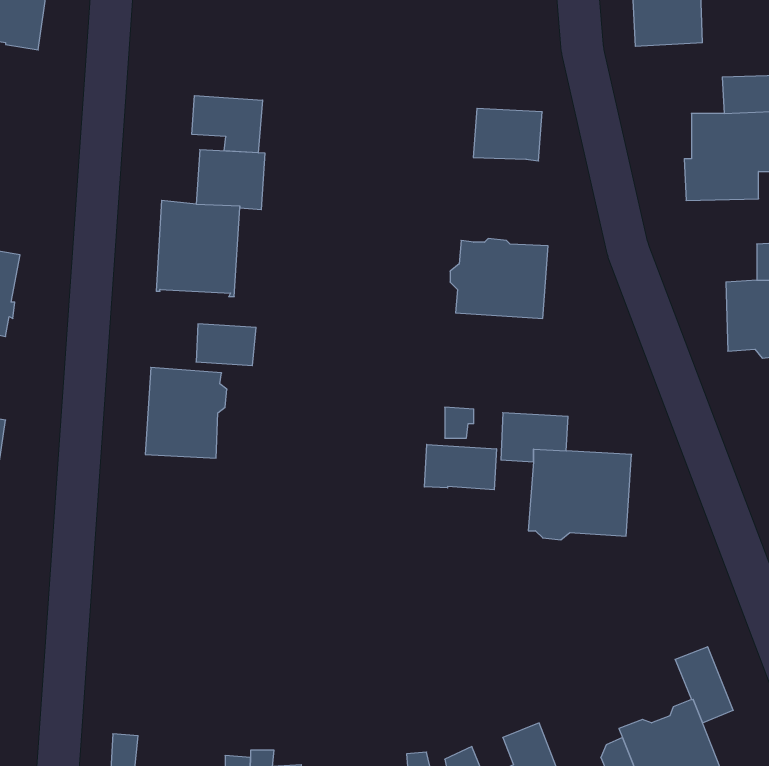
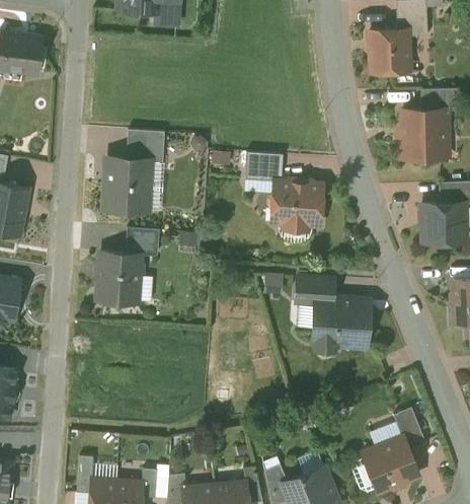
building: [192,96,263,153] -> none
building: [473,108,542,161] -> [244,153,283,183]
building: [424,444,496,490] -> none

